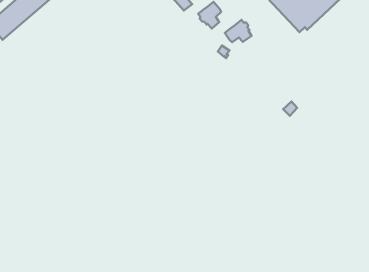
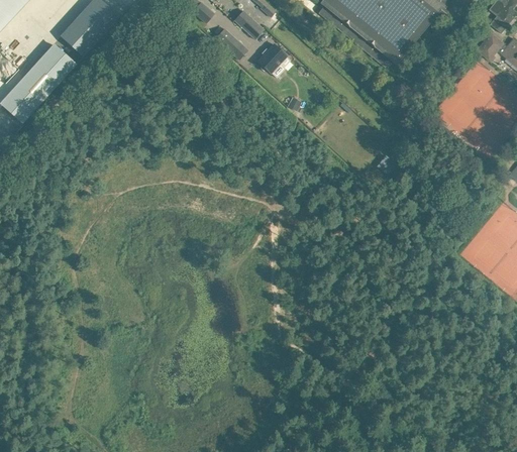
building: [225,20,252,42] -> none

